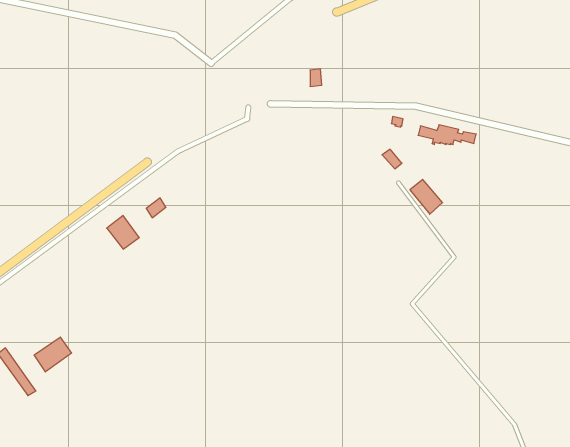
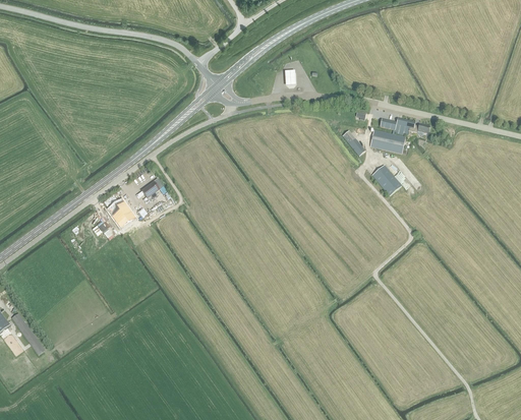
building: none -> [369,130,405,154]
building: [34,337,72,372] -> none

